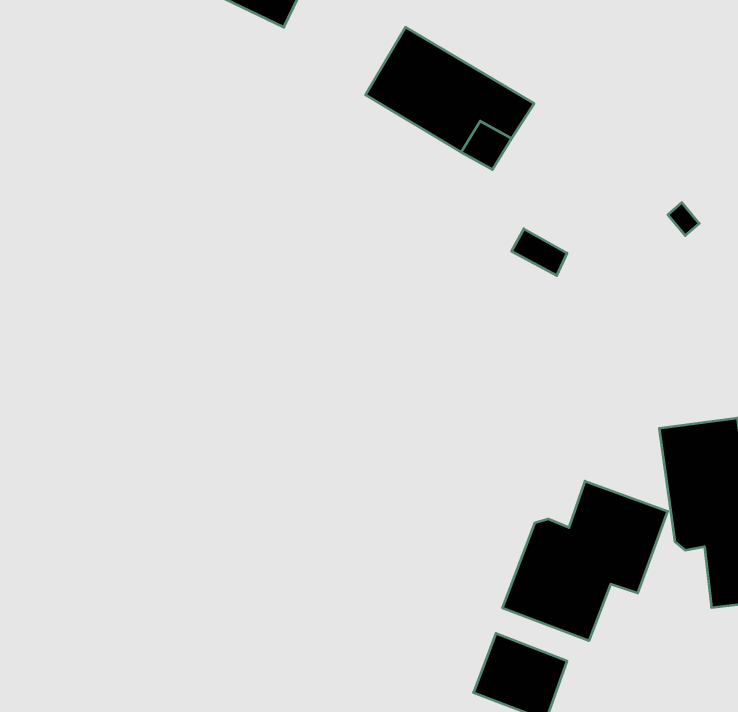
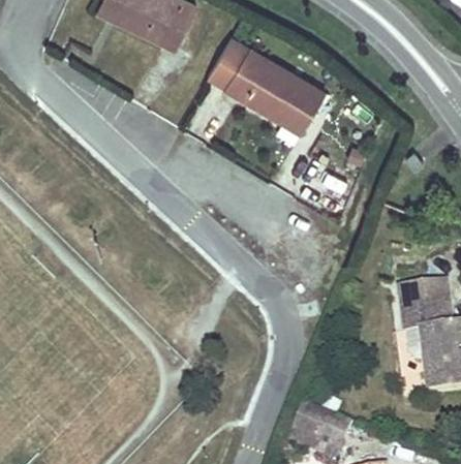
building: none -> [207,38,248,89]
building: [503,481,668,641] -> none

